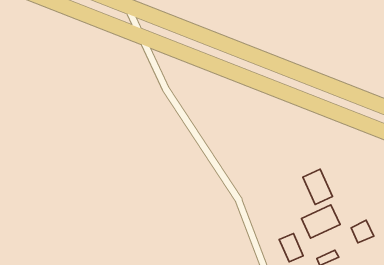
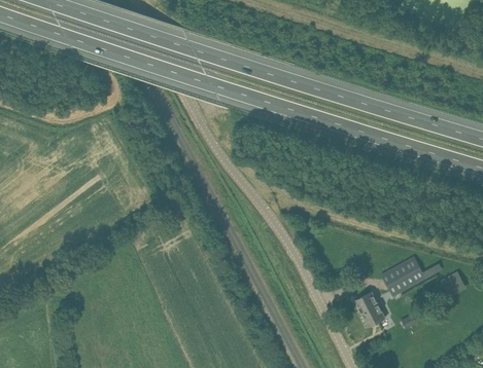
building: [303,169,333,204] -> none

